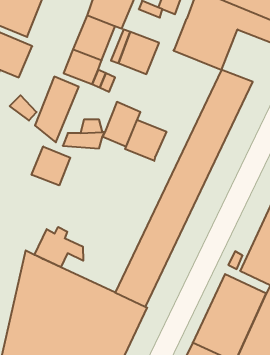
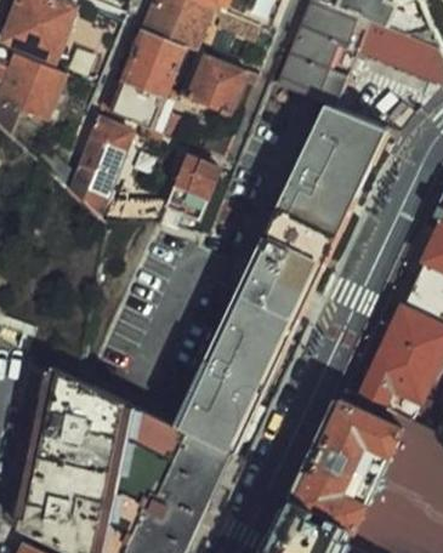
building: [125,120,166,161] -> none
building: [32,146,70,185] -> none
building: [34,227,83,267] -> none

